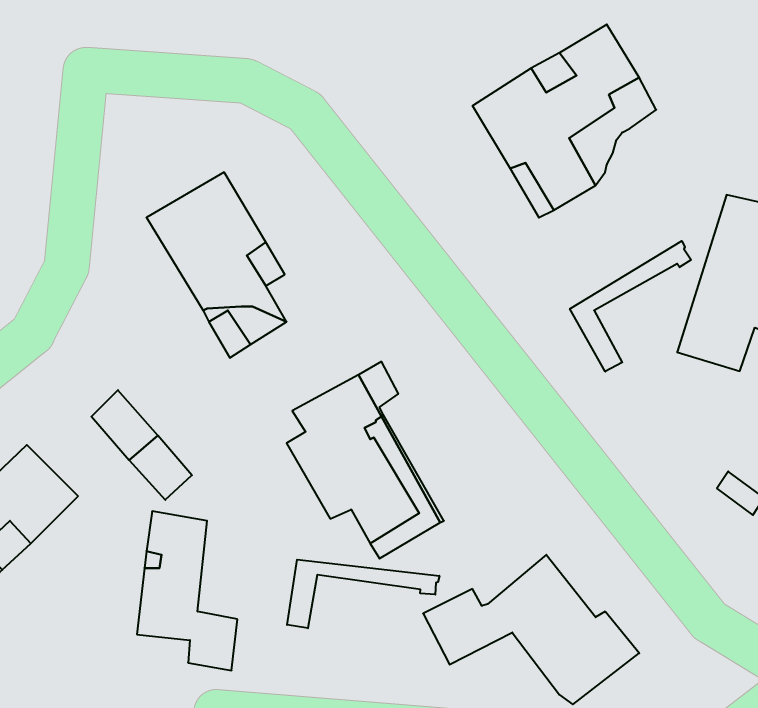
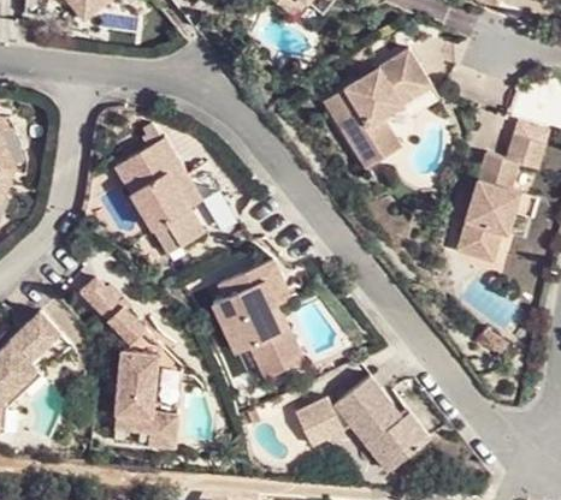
building: [570,241,691,372] -> none
building: [287,560,439,628] -> none

